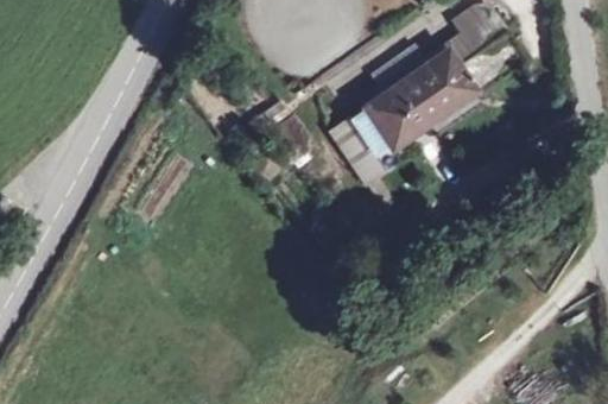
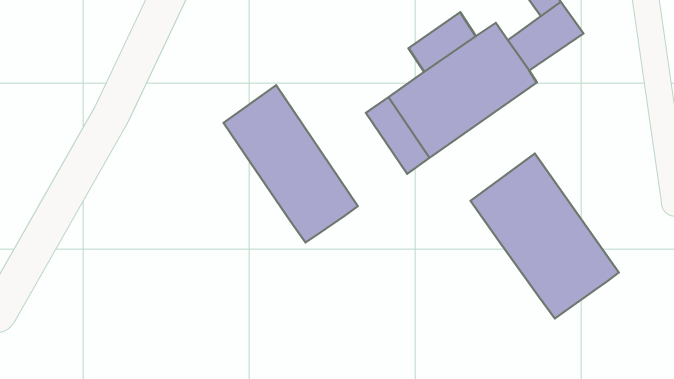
building: none -> [223,85,358,243]
building: none -> [471,153,619,318]

